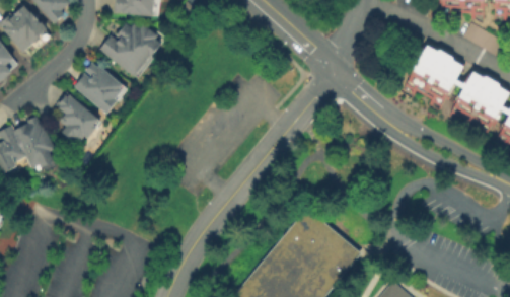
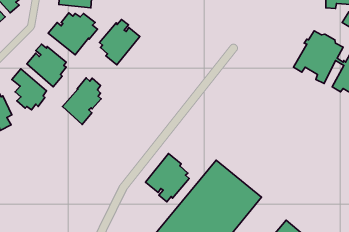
building: none -> [100,19,140,65]
building: none -> [63,78,101,124]
building: none -> [146,153,189,202]

